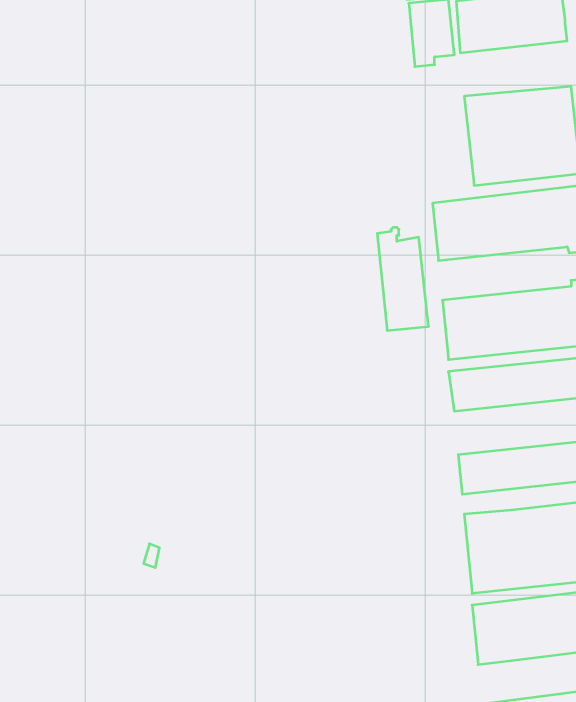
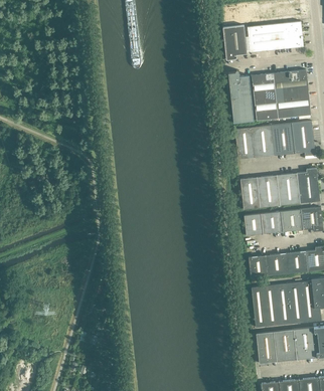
building: [377,227,429,330] -> [228,70,255,123]

